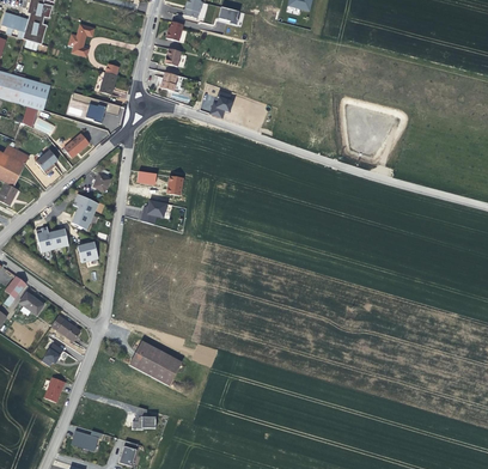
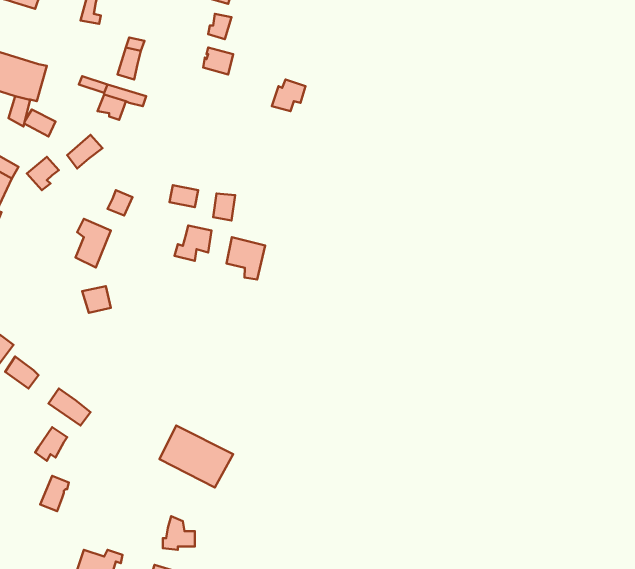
building: none -> [227,237,265,279]
building: [32,226,66,250] -> none

